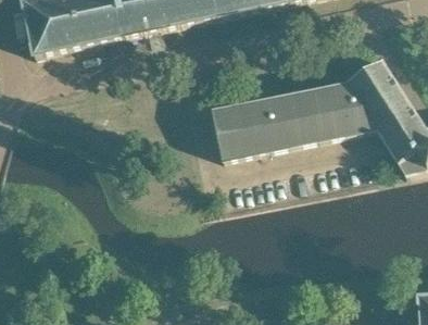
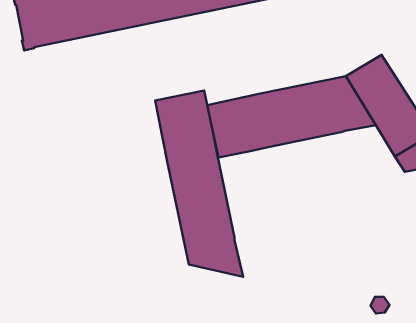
building: none -> [155,91,243,277]

